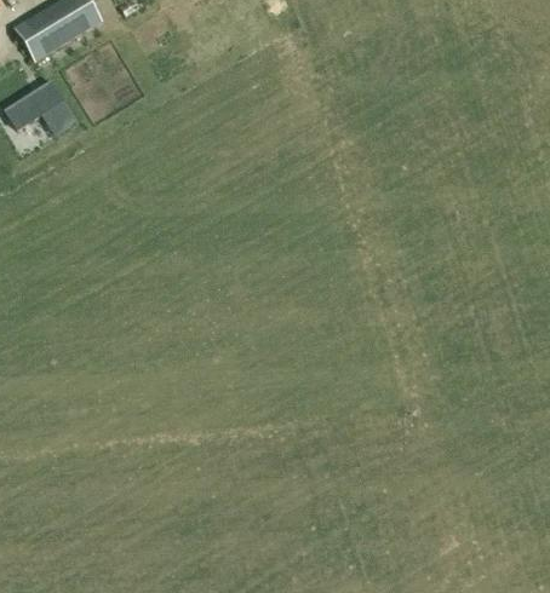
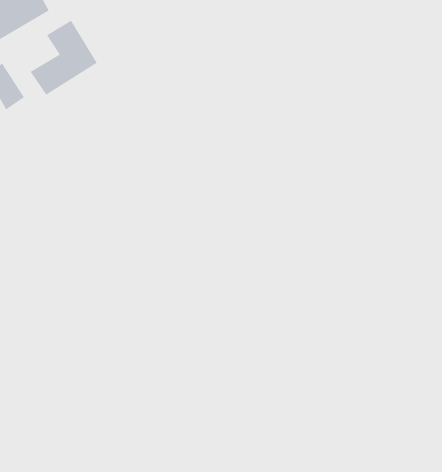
building: none -> [30,20,97,96]

